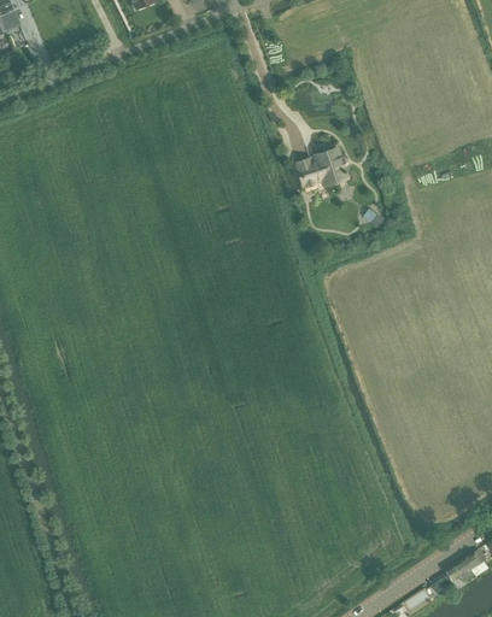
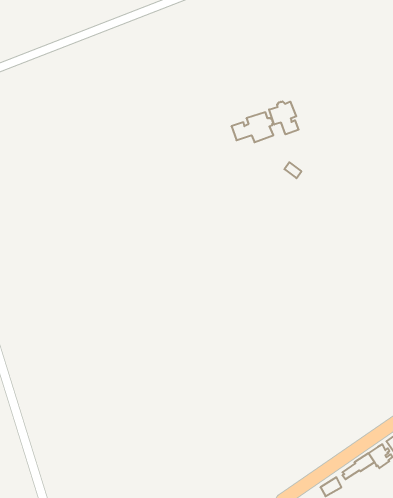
building: none -> [269,101,299,134]

